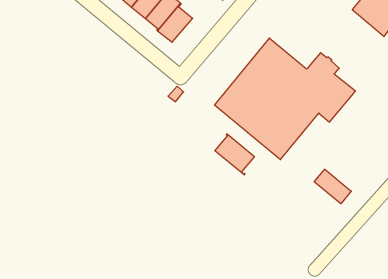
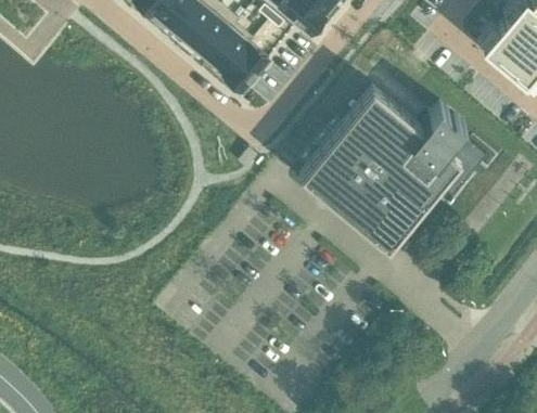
building: [215,134,254,175] -> none
building: [314,169,351,204] -> none

